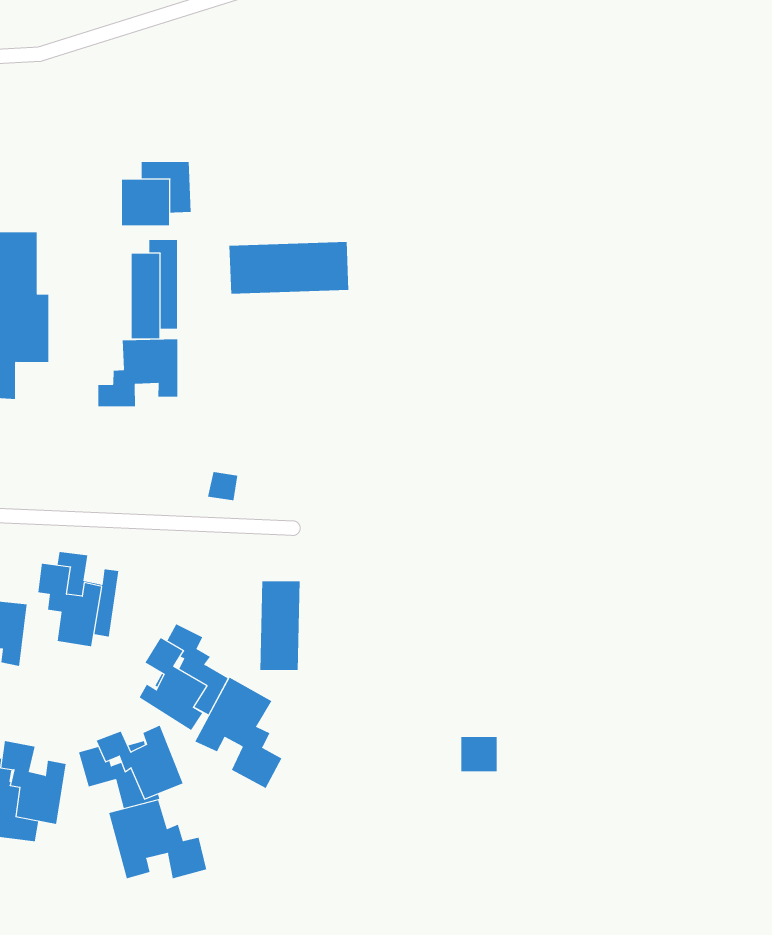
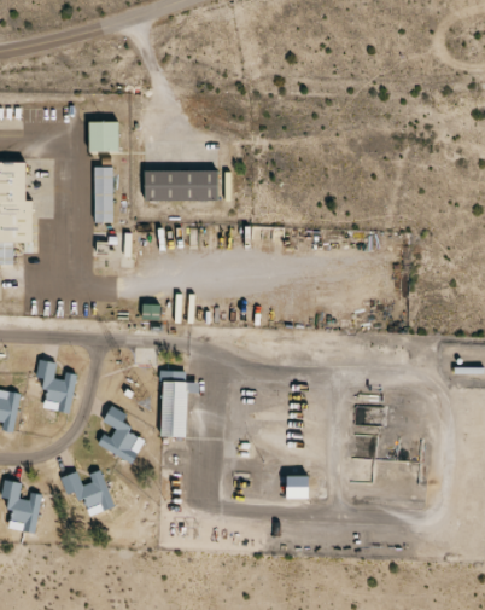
building: [98,339,178,407] -> none
building: [195,677,282,789] -> none
building: [109,800,207,879] -> none

